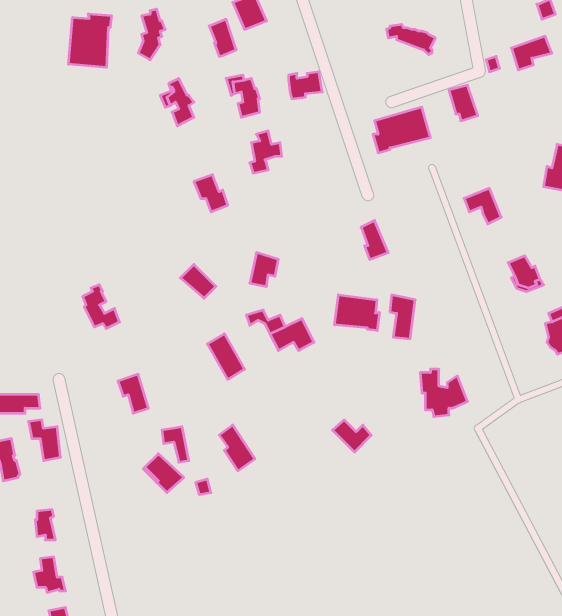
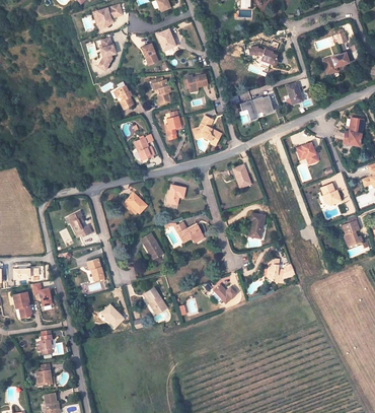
building: [68,14,111,67] -> none
building: none -> [194,116,221,146]
building: [335,295,379,331] -> none

